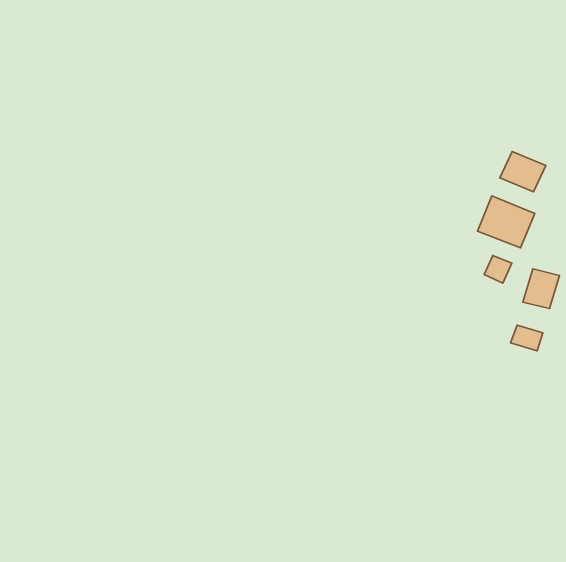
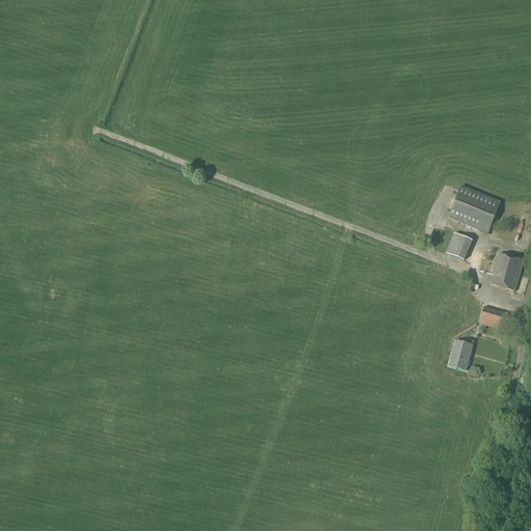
building: [500,152,546,192] -> none
building: none -> [448,337,473,368]

